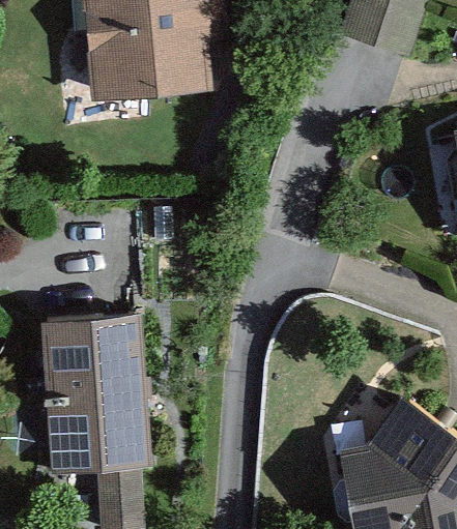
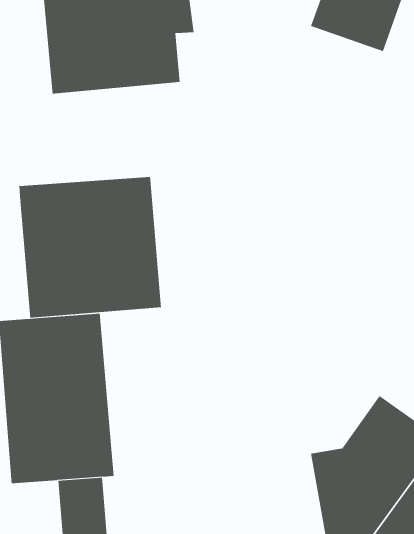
building: none -> [19,176,161,318]

